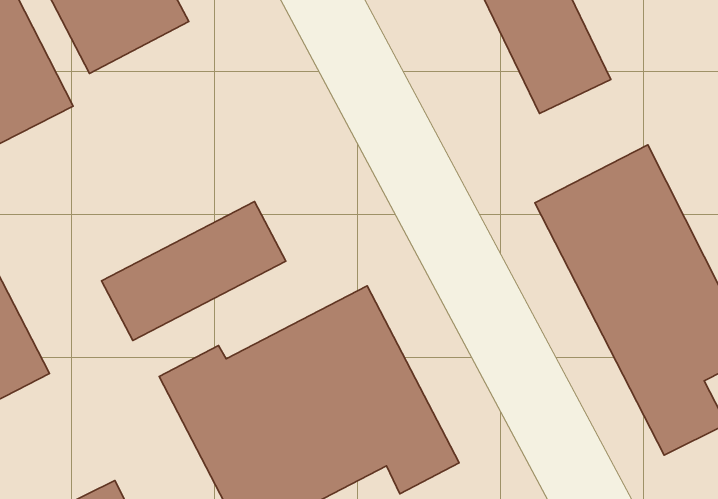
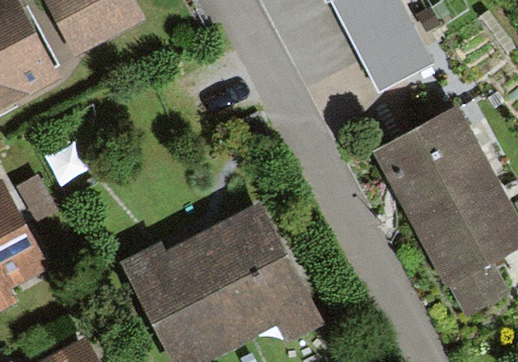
building: [101,201,286,341] -> none

